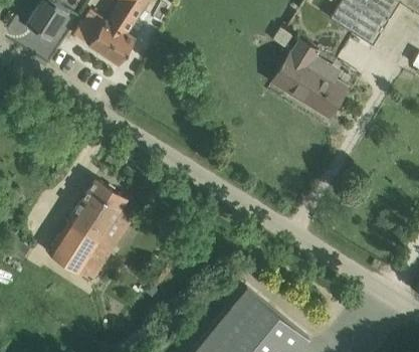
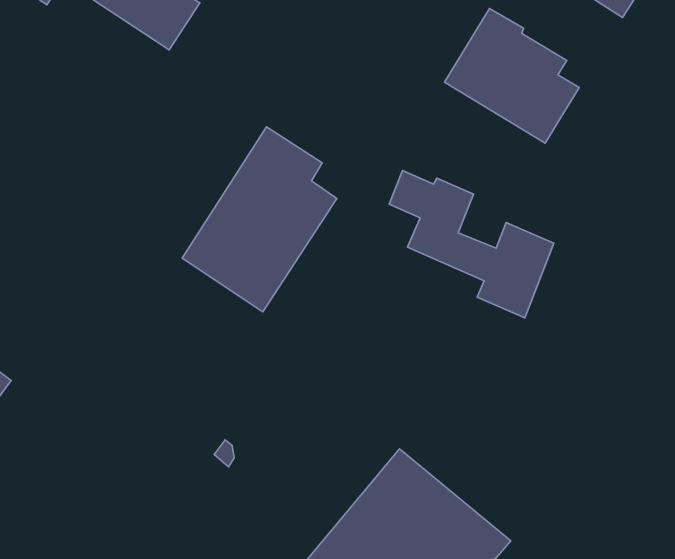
building: none -> [389,171,554,318]
building: [49,178,136,282] -> [182,127,337,312]

